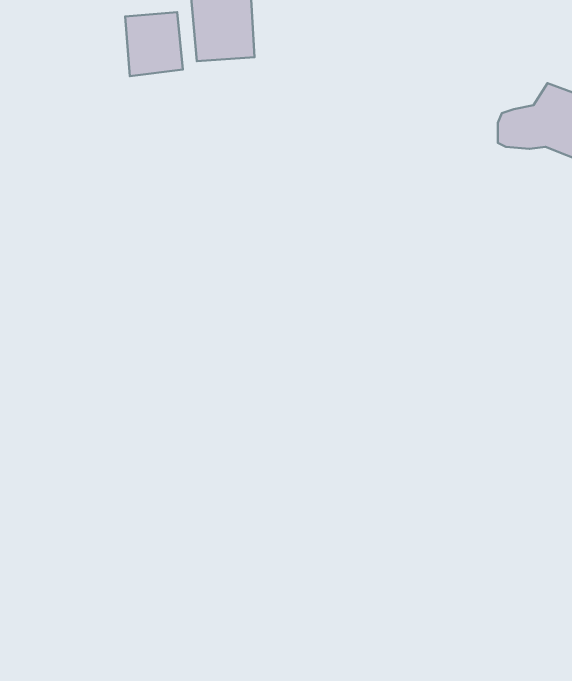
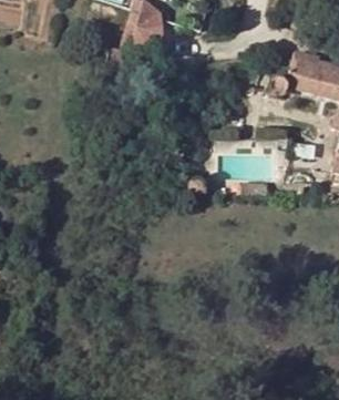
building: [125,12,183,76] -> none

